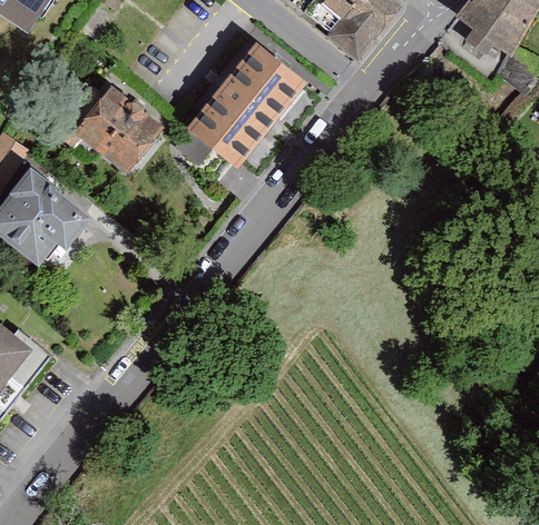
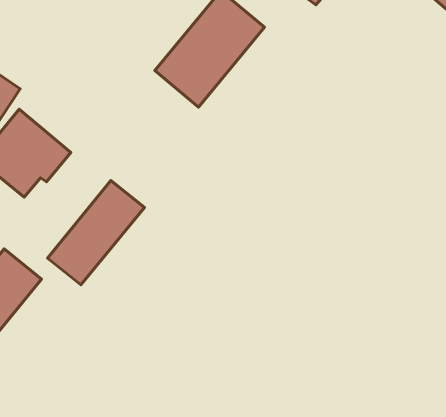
building: [68,85,160,175] -> none
building: none -> [47,181,144,285]

